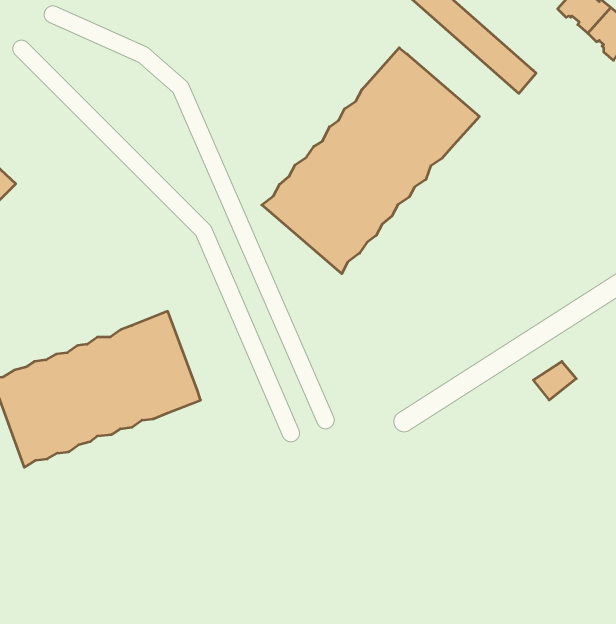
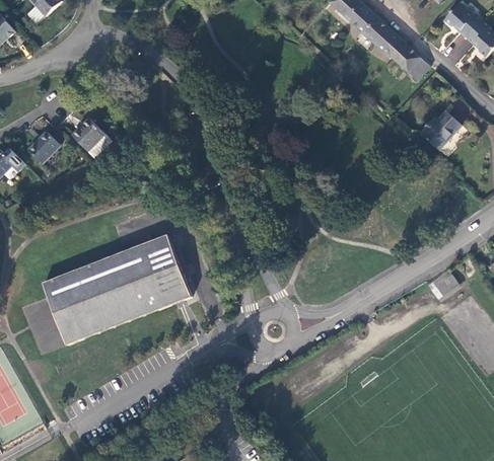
building: [262,48,479,274] -> none
building: none -> [421,110,466,153]
building: none -> [72,117,104,149]

